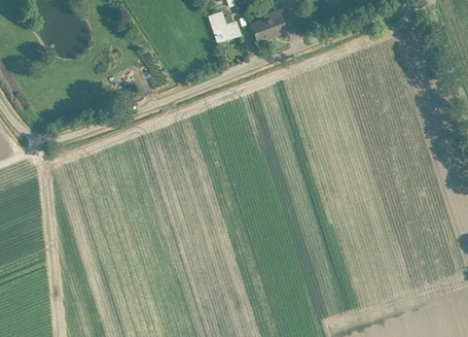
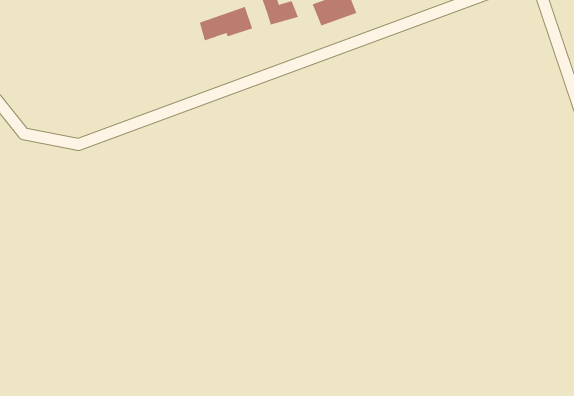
building: none -> [199,6,253,41]

